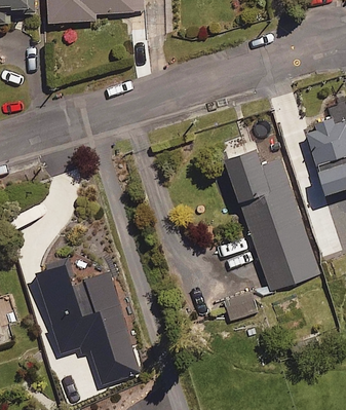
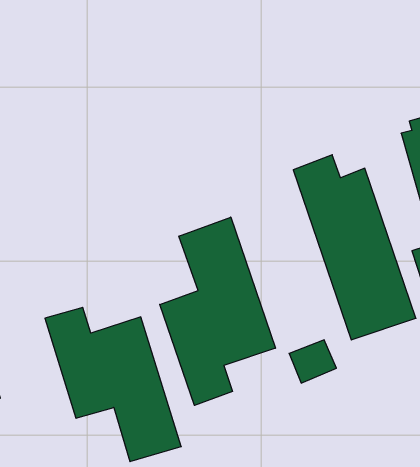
building: none -> [160,217,275,405]

